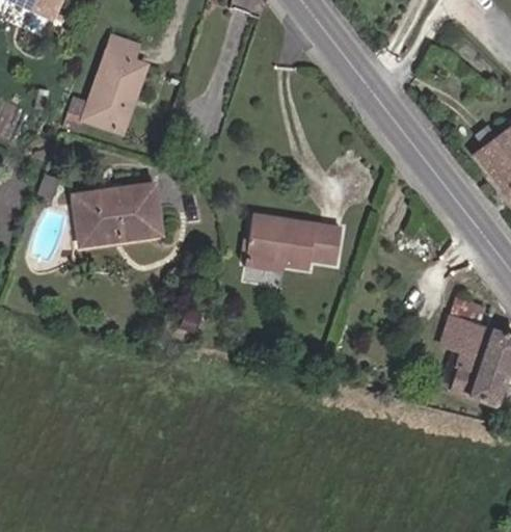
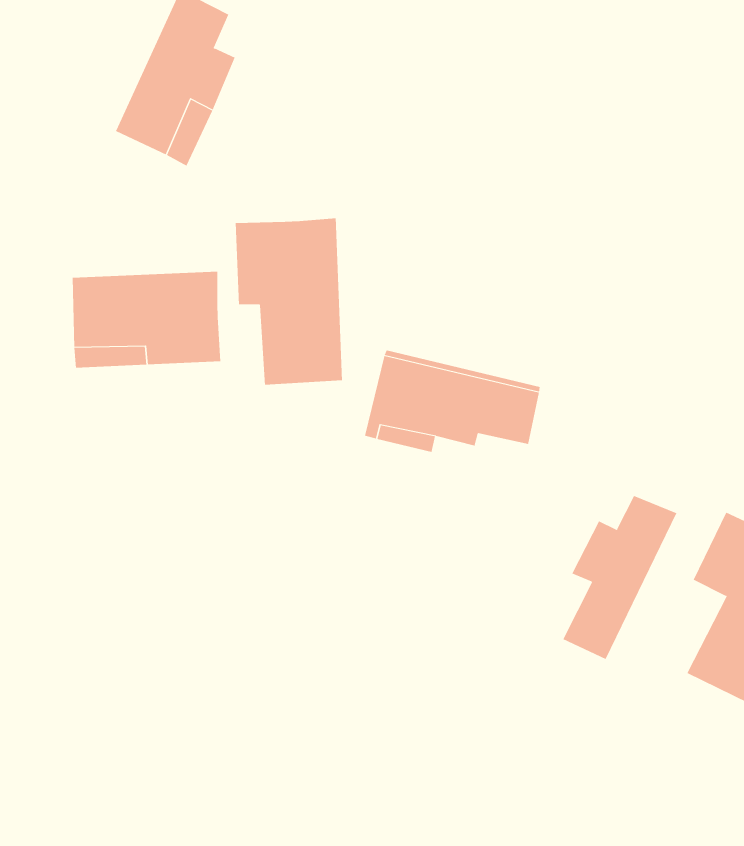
building: none -> [235,218,343,385]
building: none -> [563,495,677,660]

